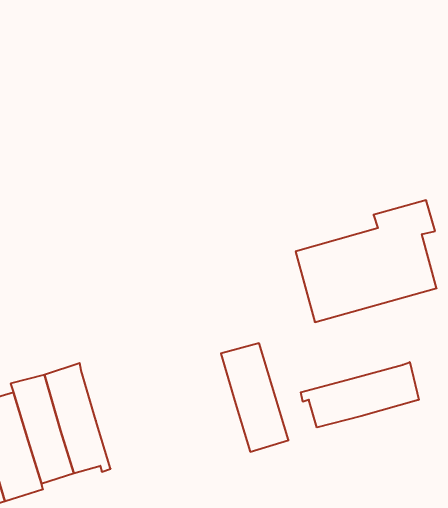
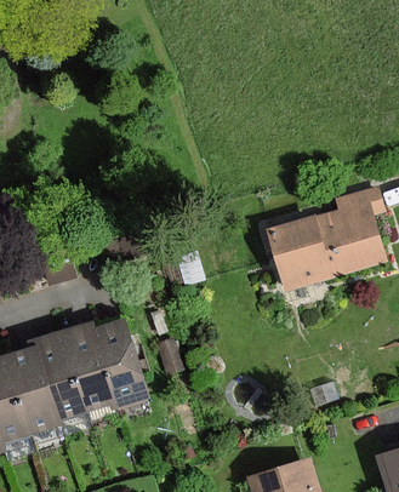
building: [221,343,289,452] -> [91,319,147,408]
building: [301,362,419,427] -> none

